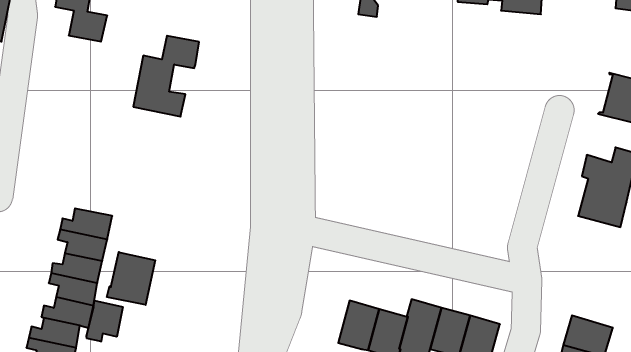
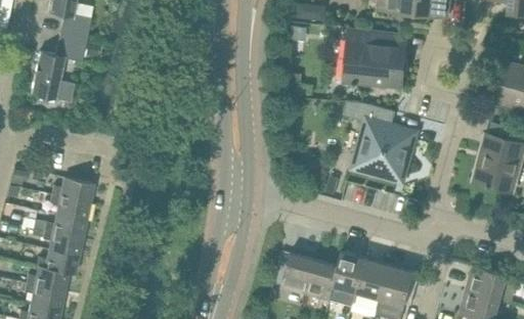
building: none -> [343,30,405,87]
building: [133,36,199,117] -> [31,36,85,102]
building: none -> [343,102,413,180]
building: [107,252,155,305] -> none
building: [87,301,123,342] -> none

